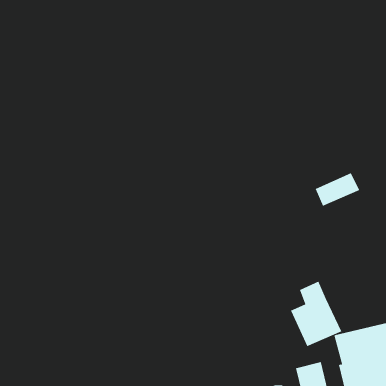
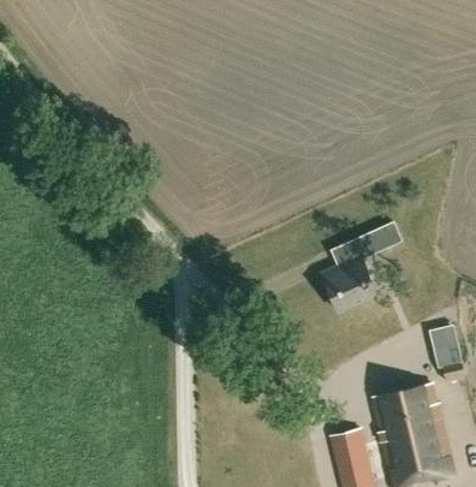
building: [290,281,342,347] -> [322,237,379,309]

